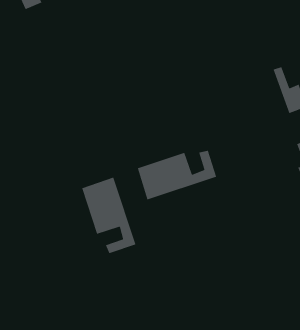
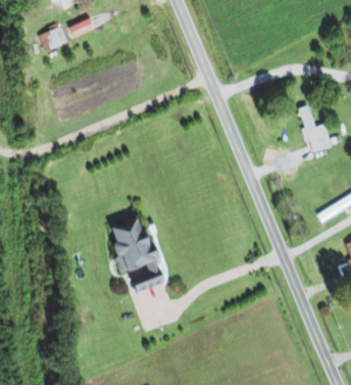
building: [137,150,217,200] -> none

